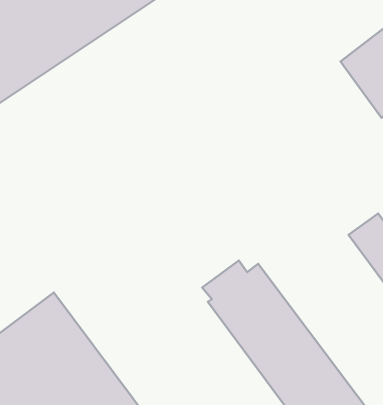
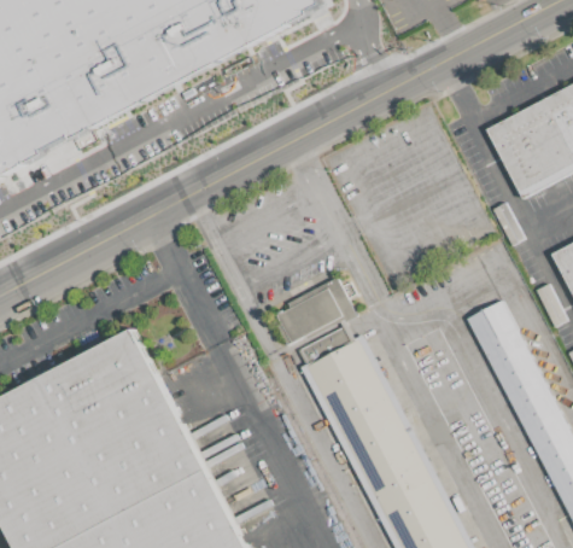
building: none -> [276,276,358,345]

